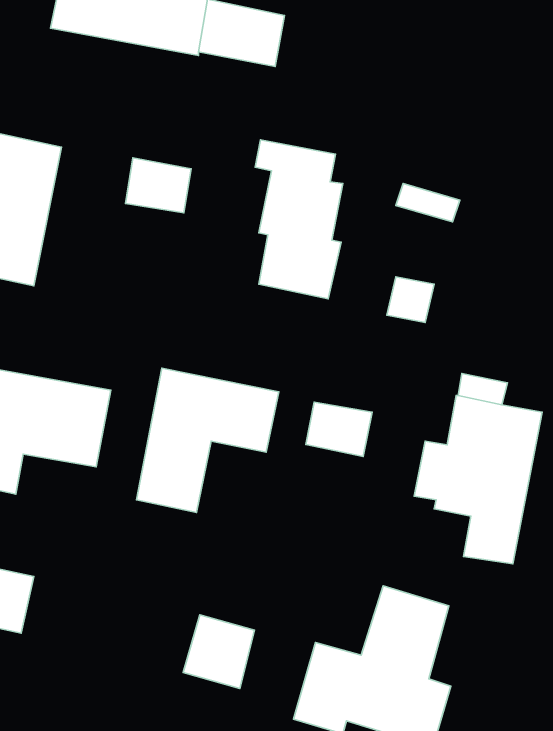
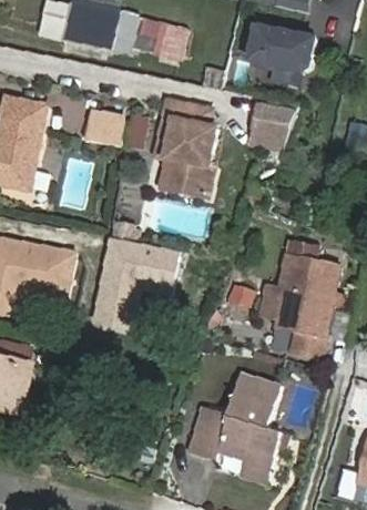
building: none -> [248,27,315,72]
building: none -> [253,100,295,136]
building: [306,402,372,456] -> none
building: [183,615,254,689] -> none

